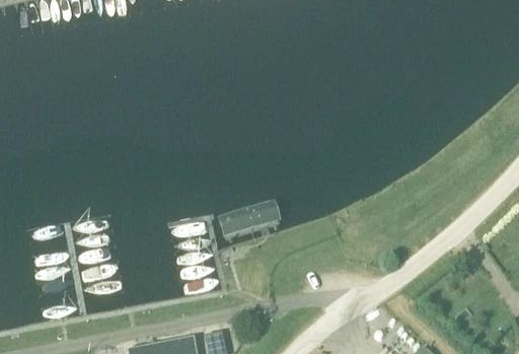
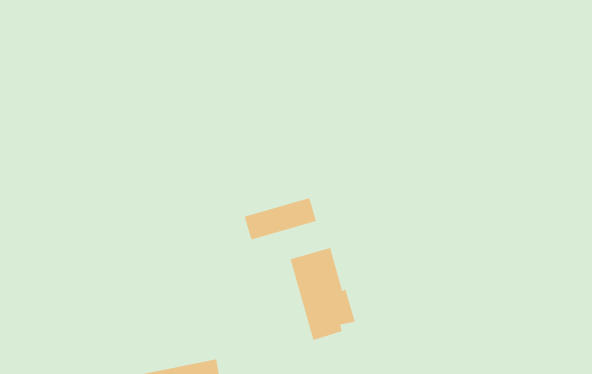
building: none -> [290,247,356,341]

